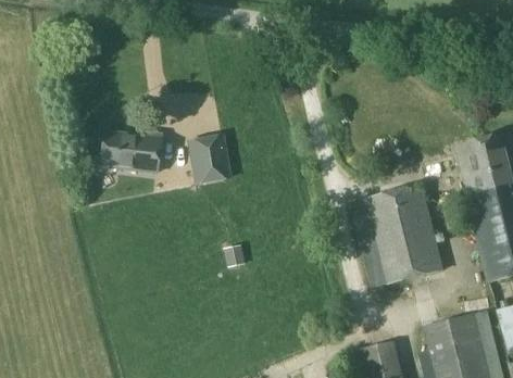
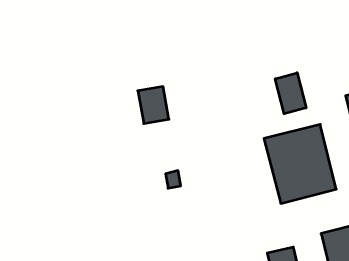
building: none -> [275,73,306,114]
building: [100,130,161,173] -> none

